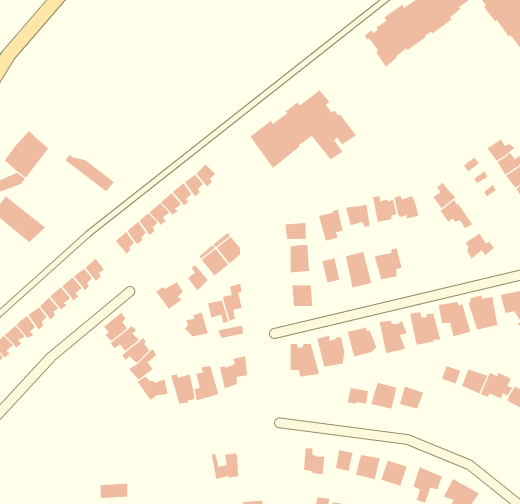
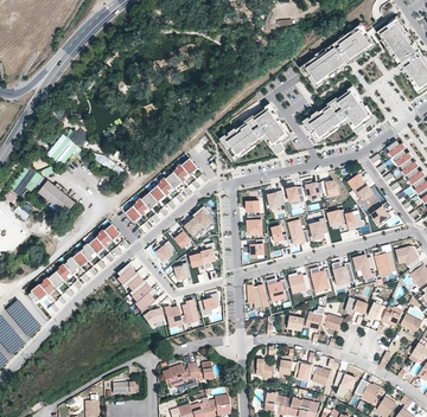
building: none -> [302,88,378,143]
building: none -> [326,207,365,231]
building: none -> [165,363,197,390]

